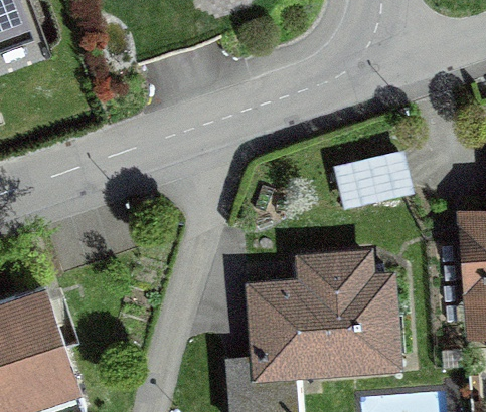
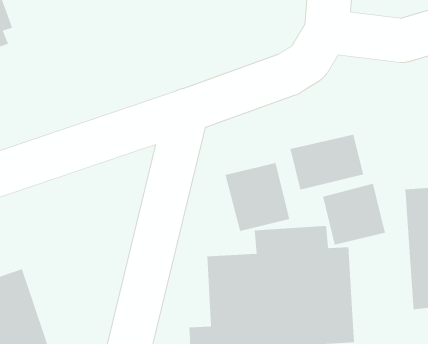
building: none -> [225,162,290,232]
building: none -> [322,183,386,245]

